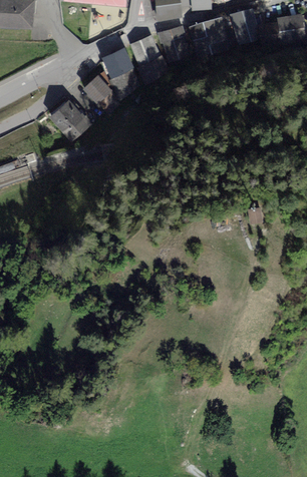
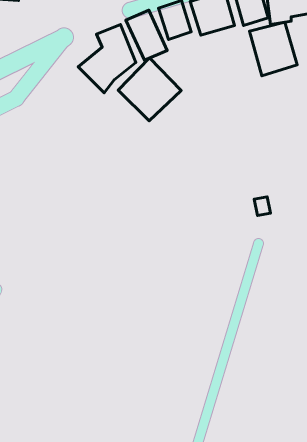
building: none -> [250,22,297,76]
building: none -> [118,58,181,121]
building: [51,99,88,137] -> none

